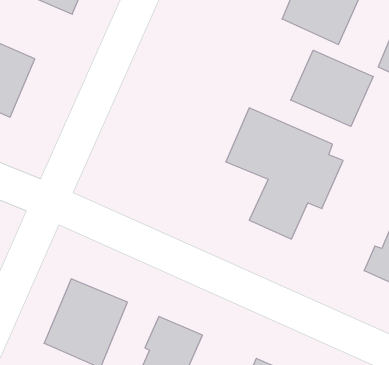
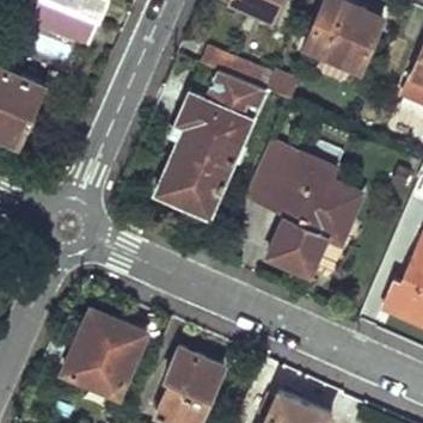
building: none -> [158,69,265,215]
building: [291,50,373,126] -> none

